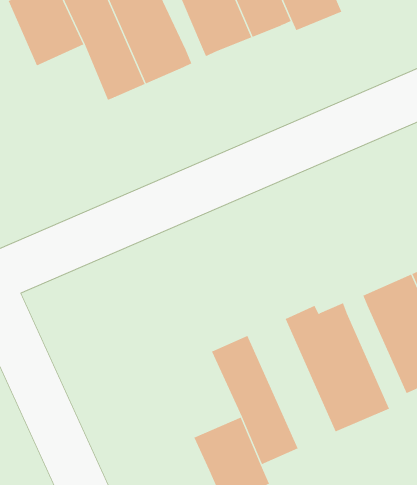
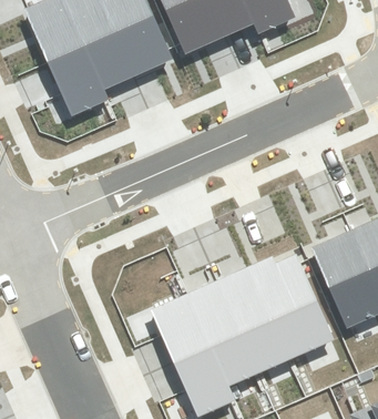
building: none -> [47,43,109,115]
building: none -> [218,266,289,371]
building: none -> [151,293,213,362]

